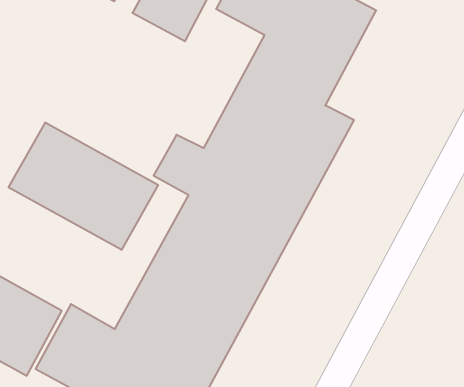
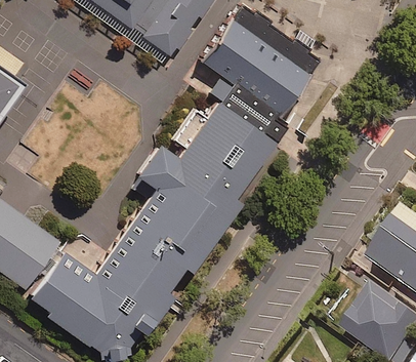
building: [9,122,158,250] -> none

